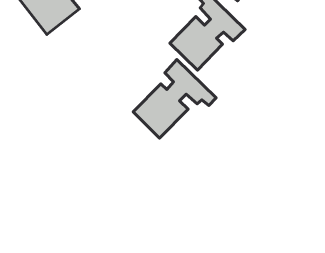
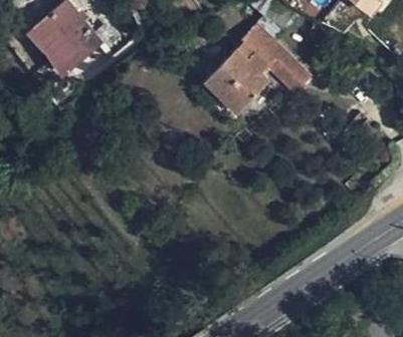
building: [133,59,216,138] -> none

